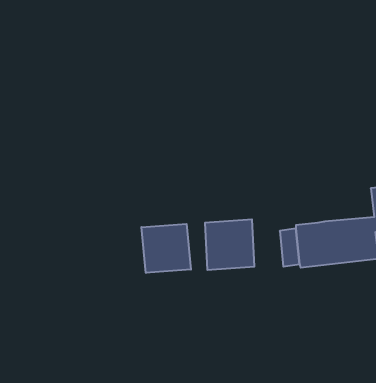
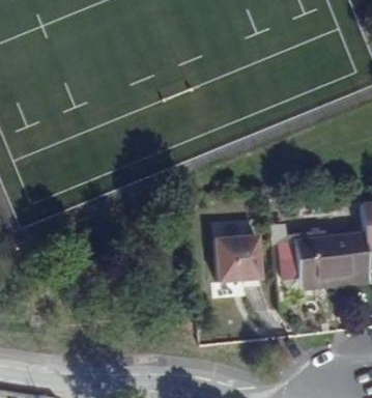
building: [141,224,191,273] -> none

